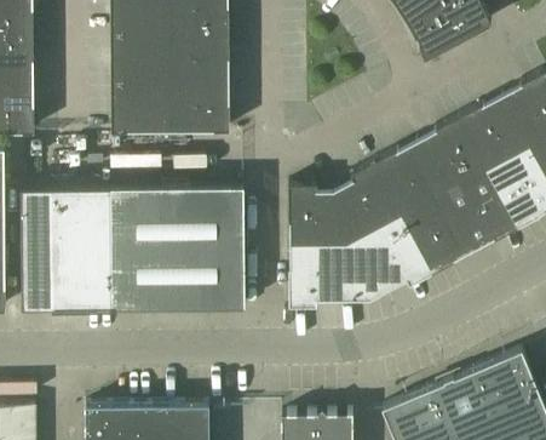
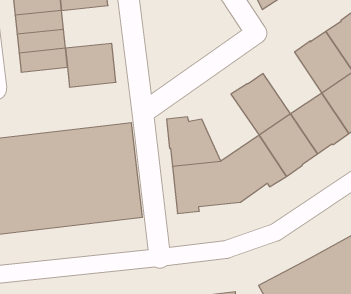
building: [169,35,229,84] -> none
building: [110,108,169,133] -> none
building: [416,119,488,196] -> none
building: [333,164,403,247] -> none

